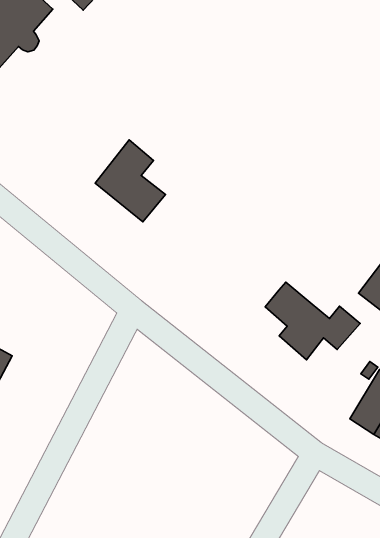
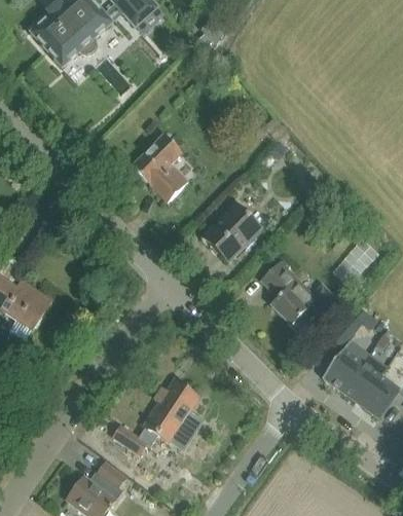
building: none -> [203,202,261,261]
building: none -> [113,380,198,453]

